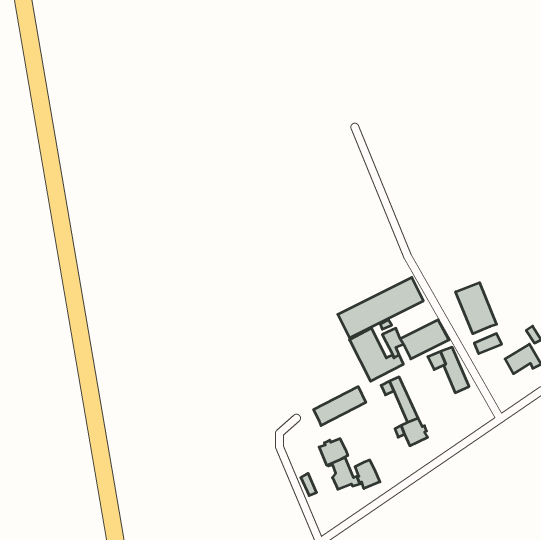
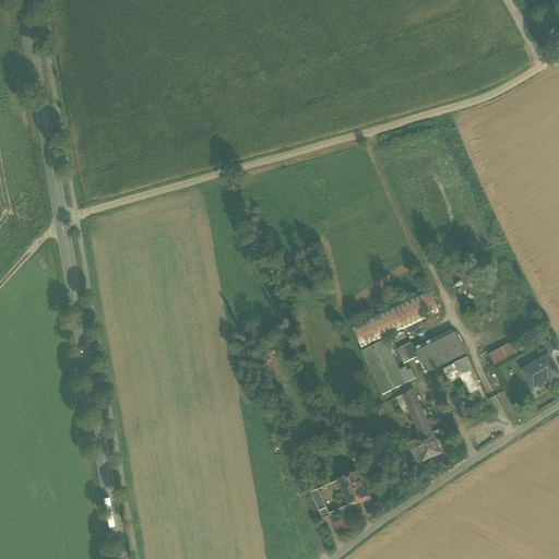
building: [456,283,497,334] -> none
building: [314,387,366,426] -> none
building: [319,439,348,465] -> none
building: [355,460,380,489] -> none

